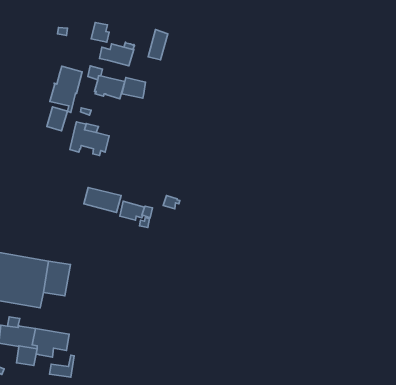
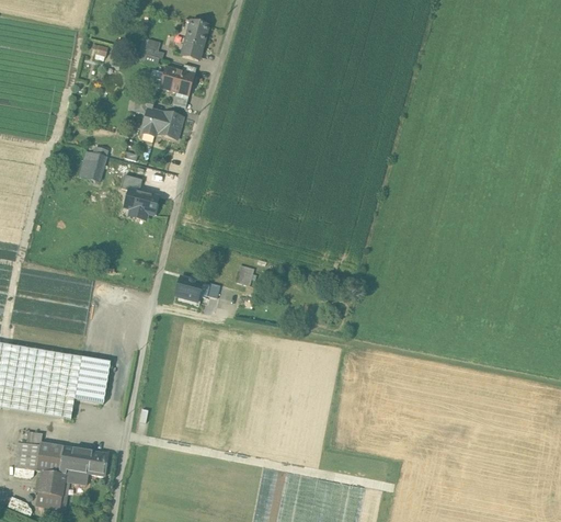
building: [148,30,168,60] -> [182,19,208,59]
building: [50,66,82,113] -> none
building: [122,77,146,98] -> none
building: [84,188,121,213] -> none
building: [49,355,74,377] -> [36,479,69,509]

